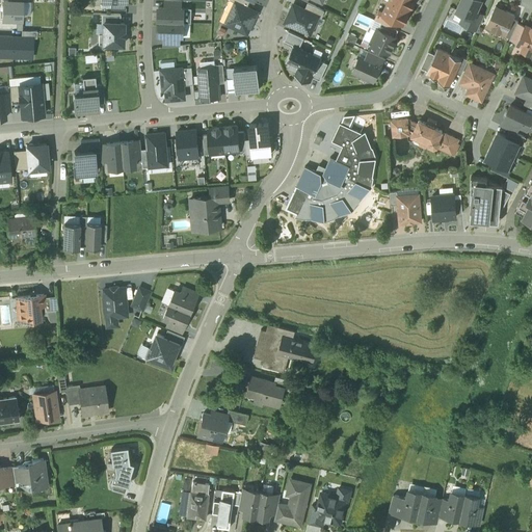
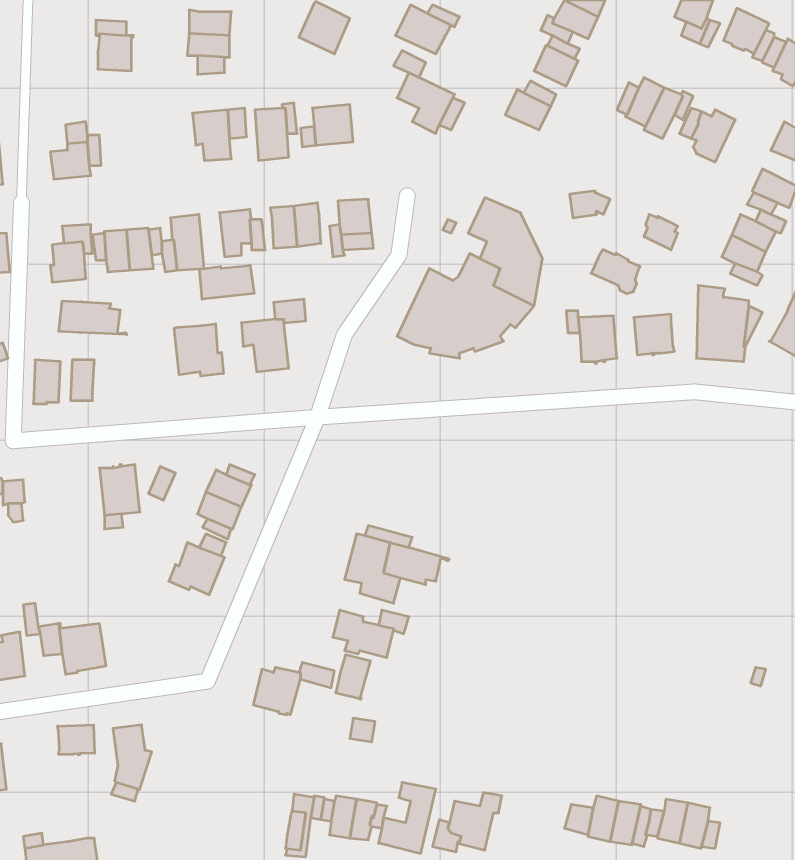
building: [411,122,442,149] -> [591,250,640,294]
building: none -> [199,265,254,299]
building: none -> [59,301,127,335]
building: none -> [174,324,223,376]
building: none -> [336,655,370,699]
building: none -> [58,725,95,755]
building: [187,483,210,520] -> none

